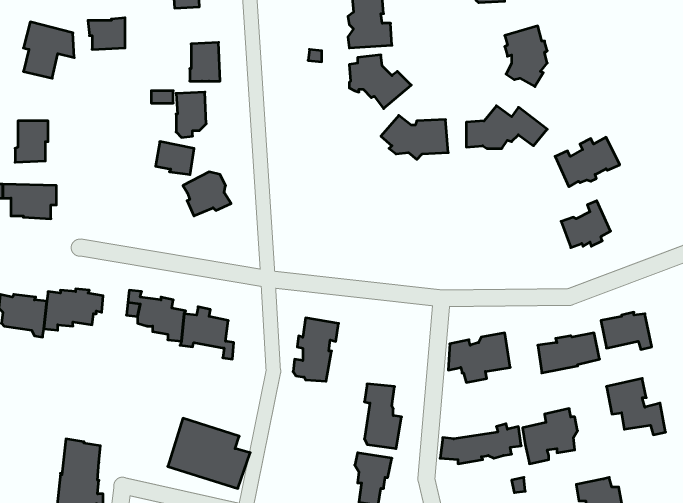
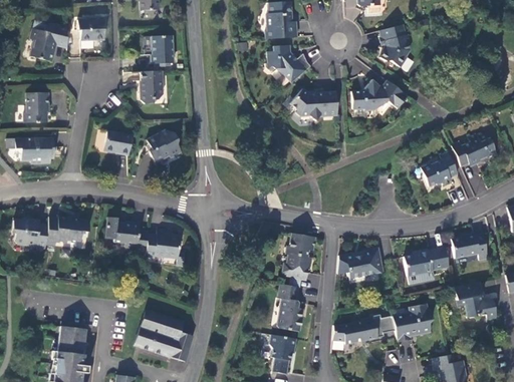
building: [555,137,620,187] -> [453,133,500,169]
building: [156,142,194,175] -> [102,131,131,155]
building: [293,318,339,381] -> [283,234,316,280]

